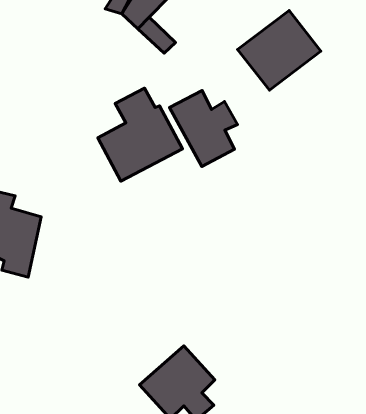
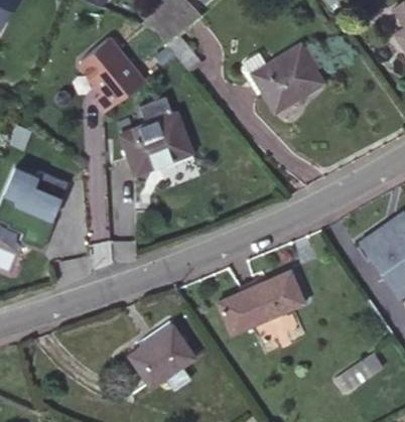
building: none -> [82,35,144,112]
building: [170,90,237,166] -> none
building: none -> [217,271,304,333]

